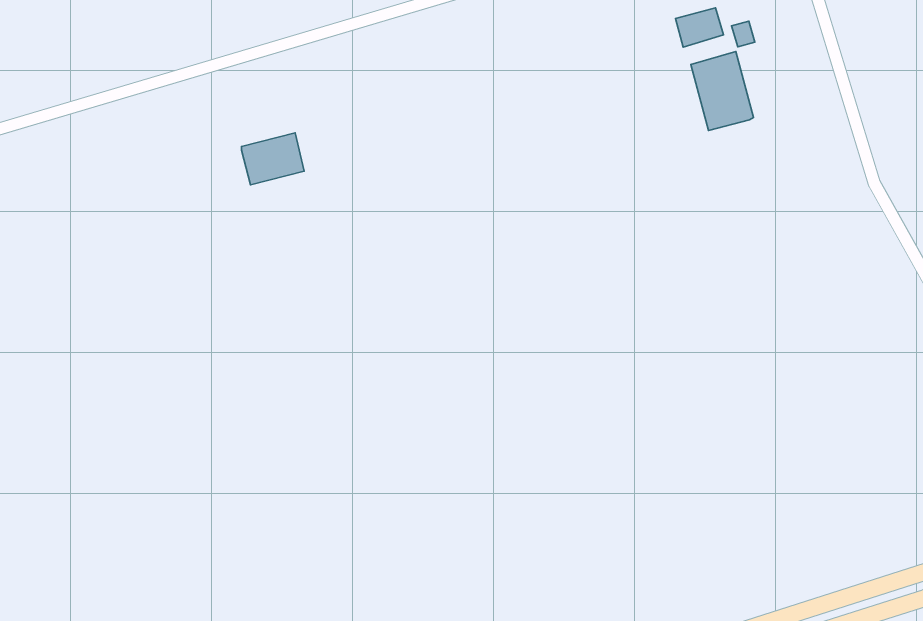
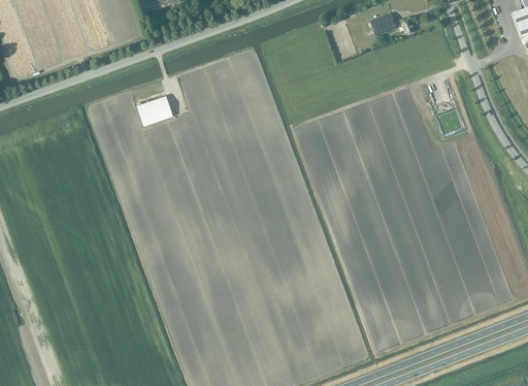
building: [691,52,753,130] -> none

